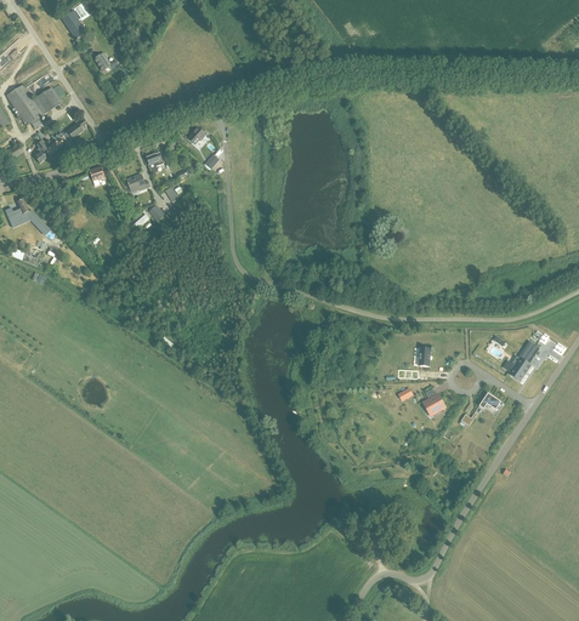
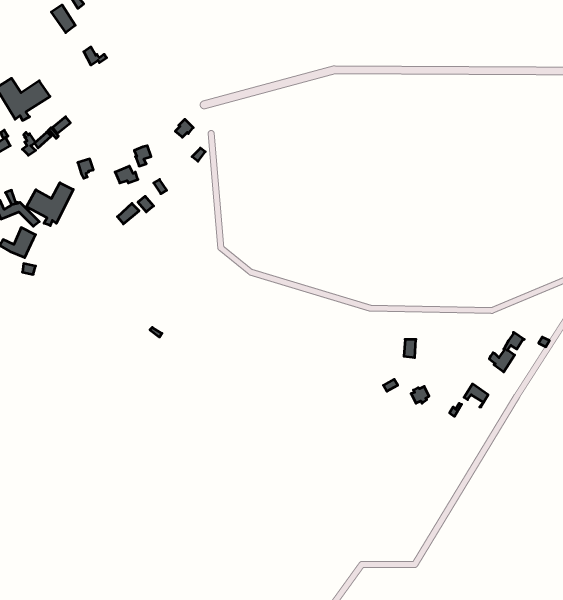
building: none -> [26,183,73,226]

